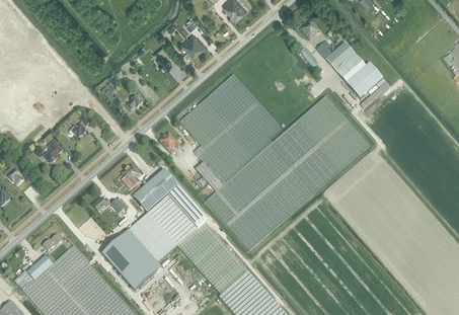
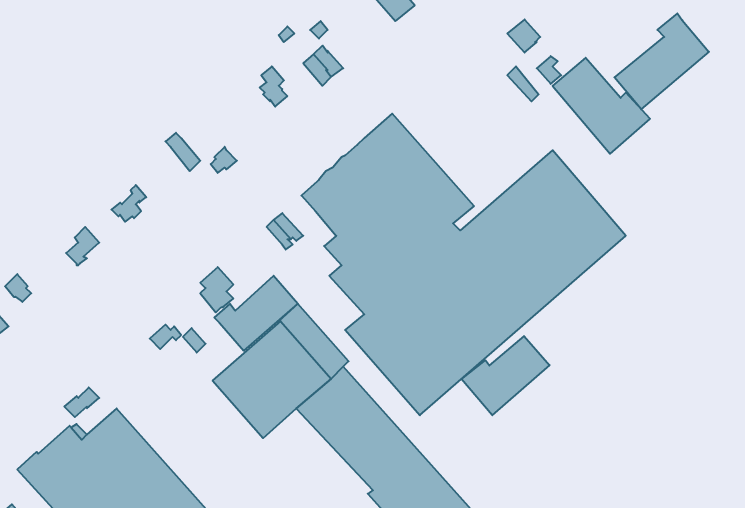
building: none -> [614,13,709,109]
building: none -> [461,336,550,415]
building: [102,229,161,290] -> none

